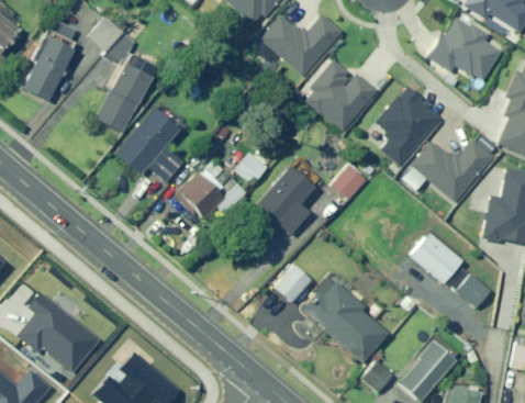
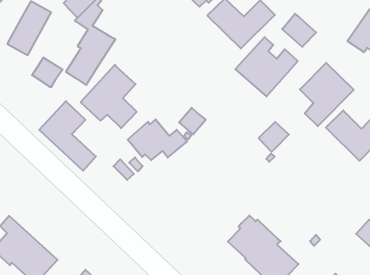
building: none -> [282,14,316,47]
building: none -> [32,57,63,87]
building: none -> [39,101,96,171]
building: [252,157,319,233] -> none
building: [411,232,465,288] -> none
building: [275,262,311,300] -> none

